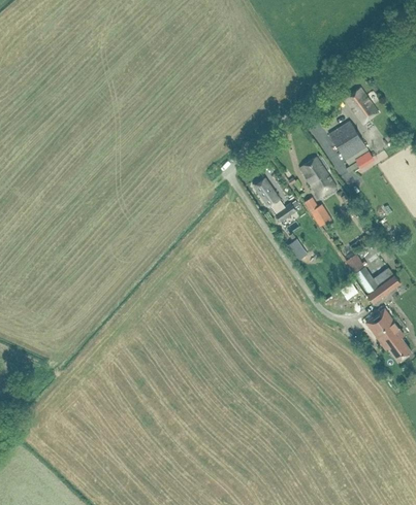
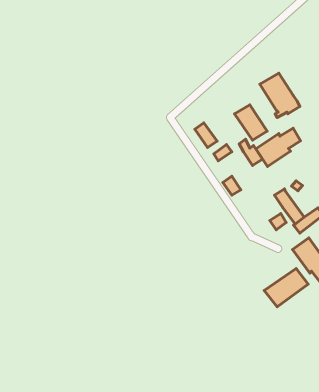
building: [345,88,379,124] -> none
building: none -> [256,128,301,166]
building: none -> [264,268,308,307]

